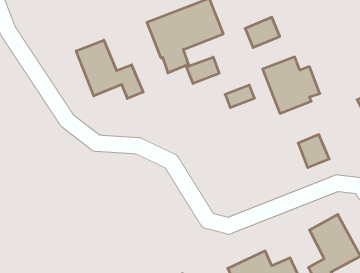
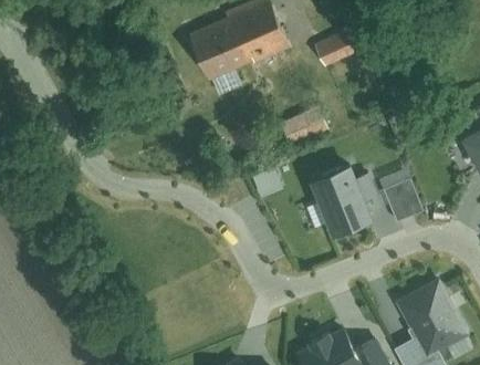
building: [76,40,143,99] -> none
building: [263,57,320,113] -> [309,161,382,233]
building: [187,57,219,84] -> none

